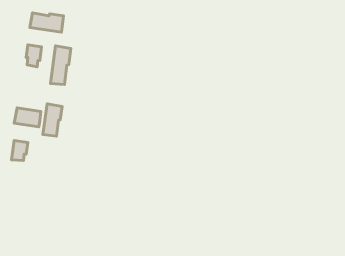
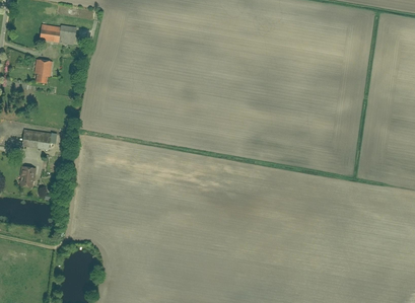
building: [51,46,71,85] -> none
building: [43,104,62,136] -> none

